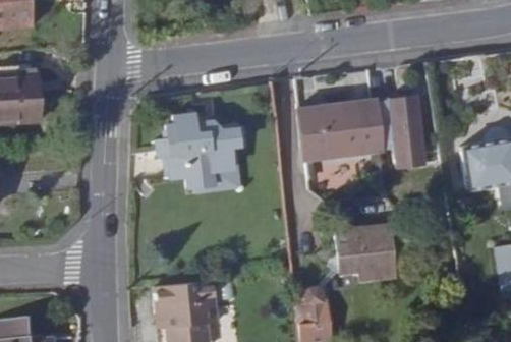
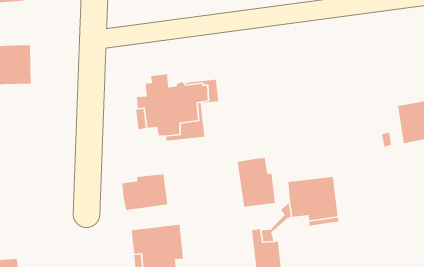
building: [300,94,427,168] -> none
building: none -> [237,157,276,208]
building: none -> [122,173,168,211]

